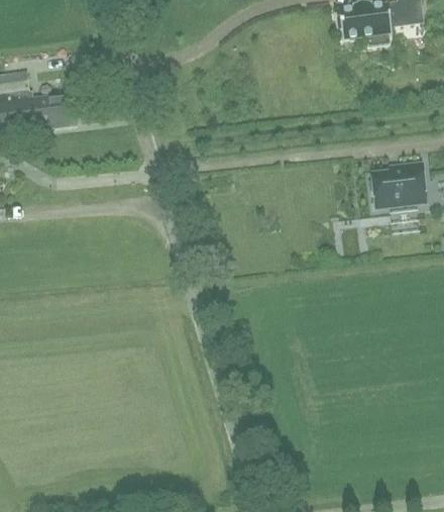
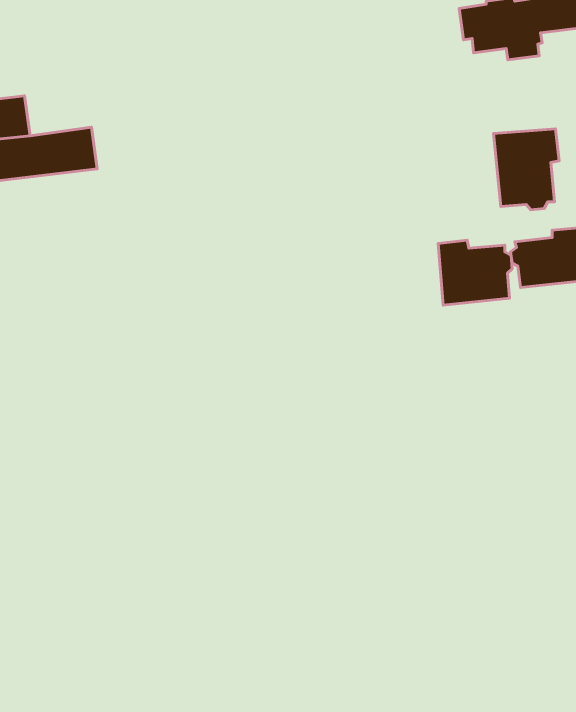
building: none -> [493,129,559,210]
building: none -> [438,240,512,305]

